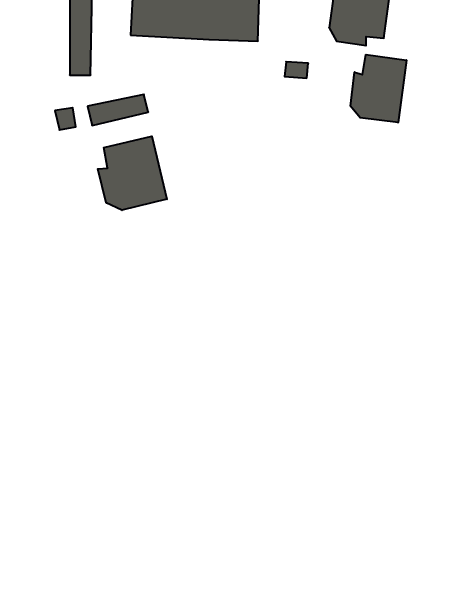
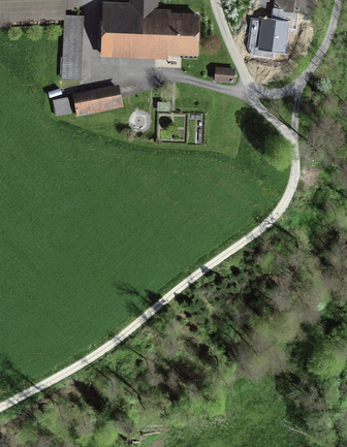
building: [350,55,406,123] -> none
building: [98,136,167,210] -> none

